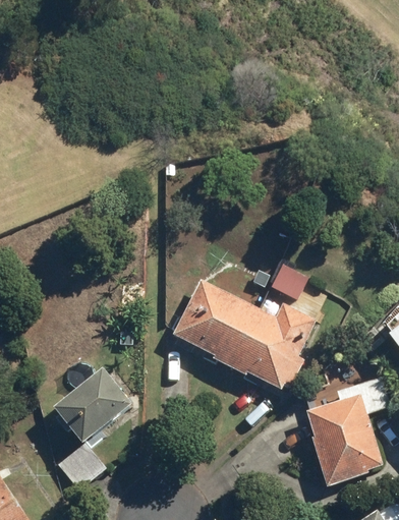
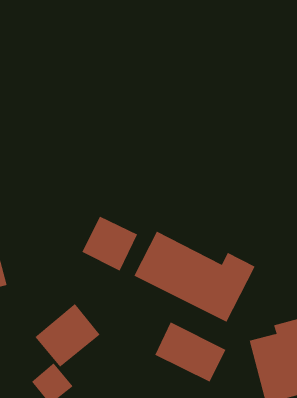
building: none -> [82,216,138,271]
building: none -> [154,322,226,382]

